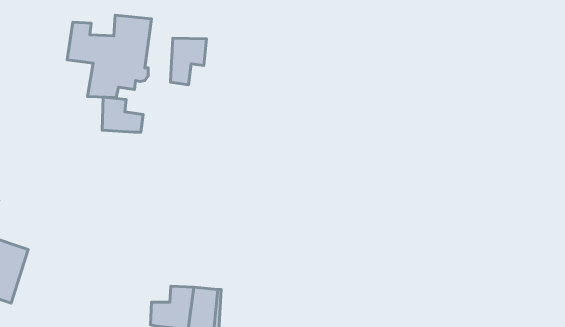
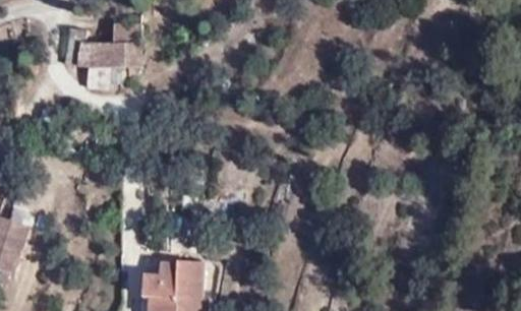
building: [171,38,206,85] -> none
building: [102,97,143,132] -> none

